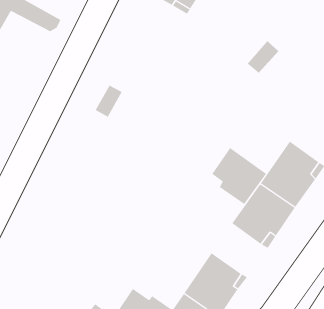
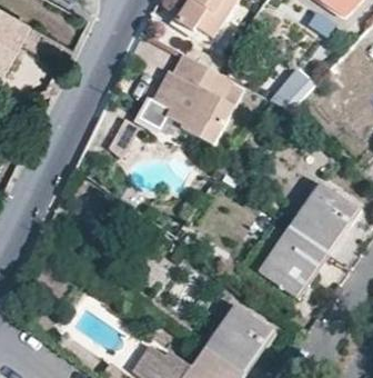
building: none -> [154,53,233,148]
building: [212,147,267,205] -> none

